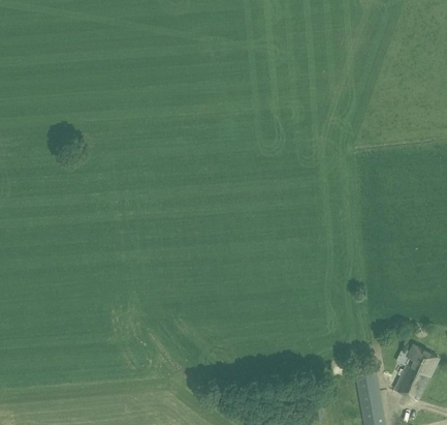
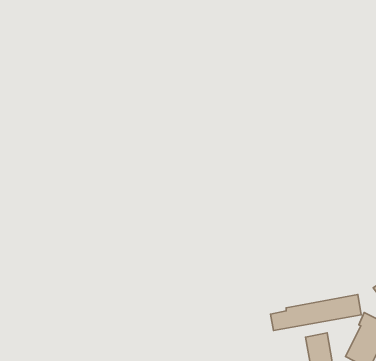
building: none -> [271,295,361,331]

